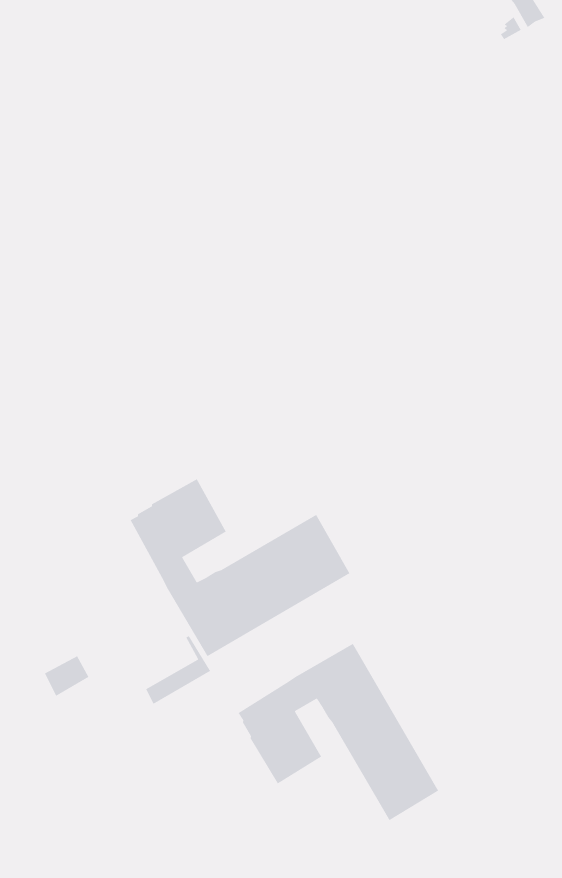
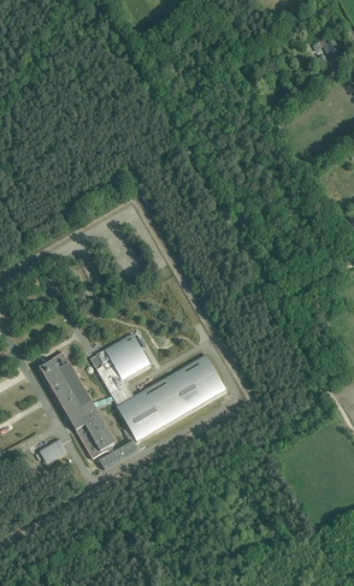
building: none -> [39,353,114,458]
building: [238,643,439,821] -> none

